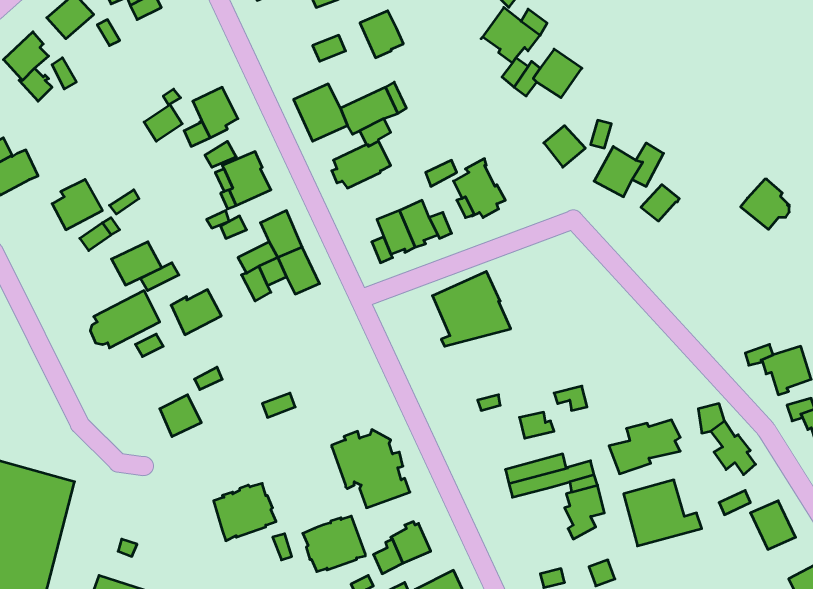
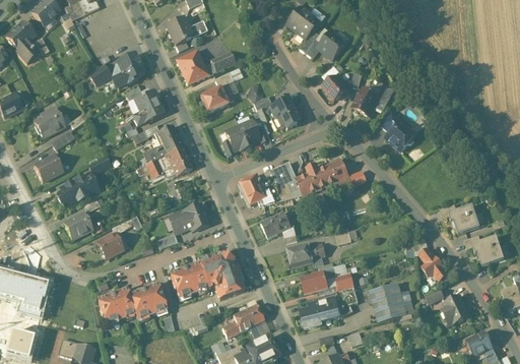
building: [360,11,403,58] -> [166,18,191,46]
building: [741,179,789,229] -> [385,120,413,149]
building: [111,242,162,285] -> [34,155,63,180]
building: none -> [296,159,349,194]
building: [171,290,221,335] -> [63,213,92,239]
building: none -> [240,175,267,205]
building: none -> [172,203,208,232]
building: none -> [260,211,290,238]
building: none -> [287,244,312,267]
building: [609,420,680,474] -> [298,299,339,330]
building: none -> [98,289,134,322]
building: [303,516,365,572] -> [170,263,206,296]

